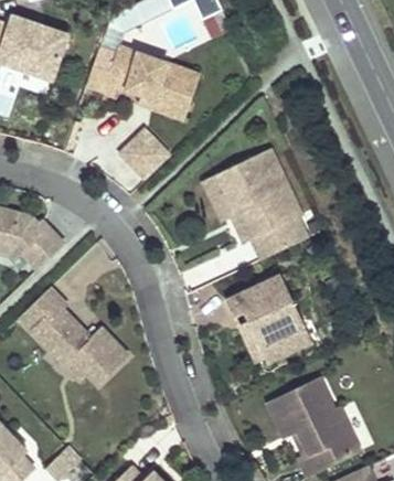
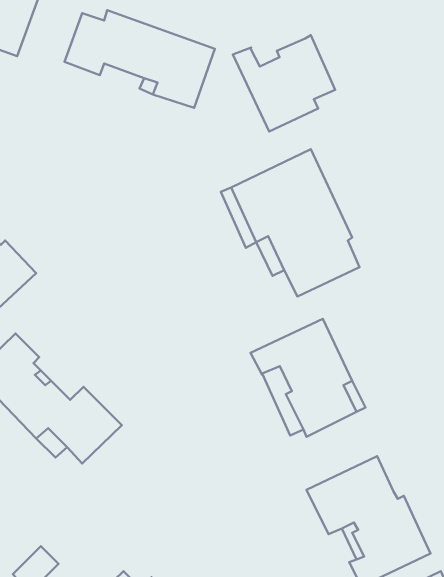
building: none -> [233,35,335,132]
building: [119,130,169,180] -> none

